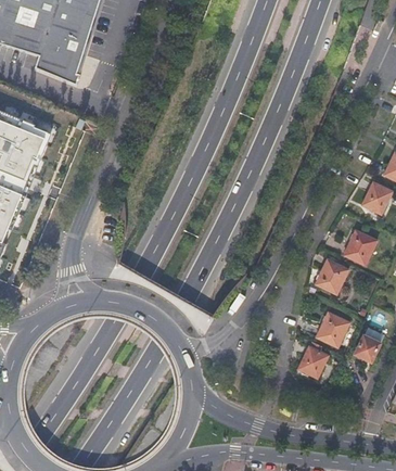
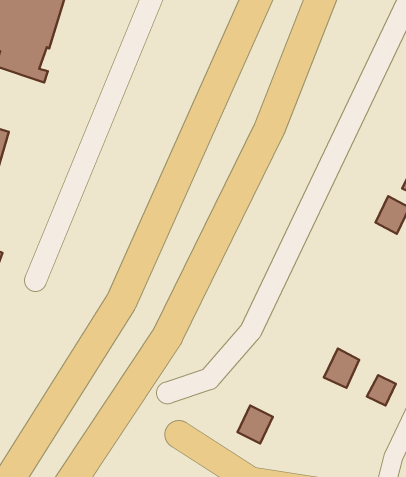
building: [344,230,378,264] -> none
building: [315,258,347,294] -> none
building: [297,345,328,378] -> [237,406,273,443]

